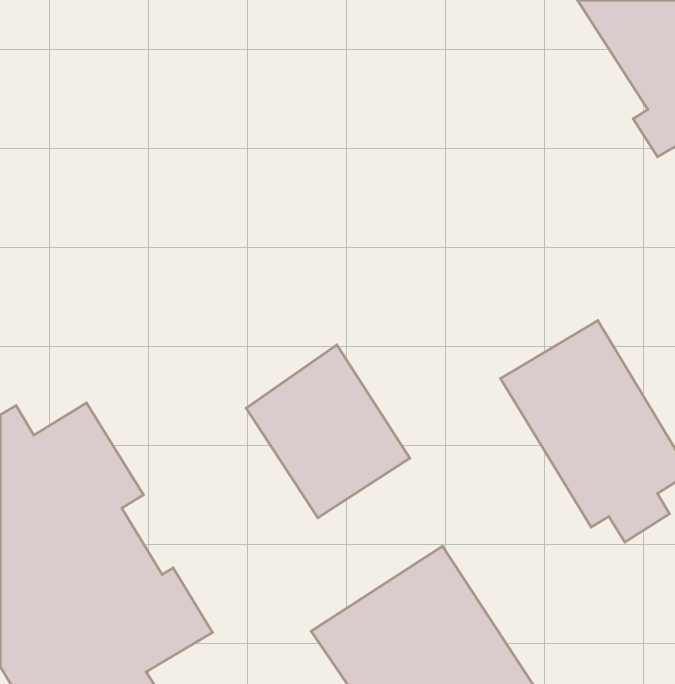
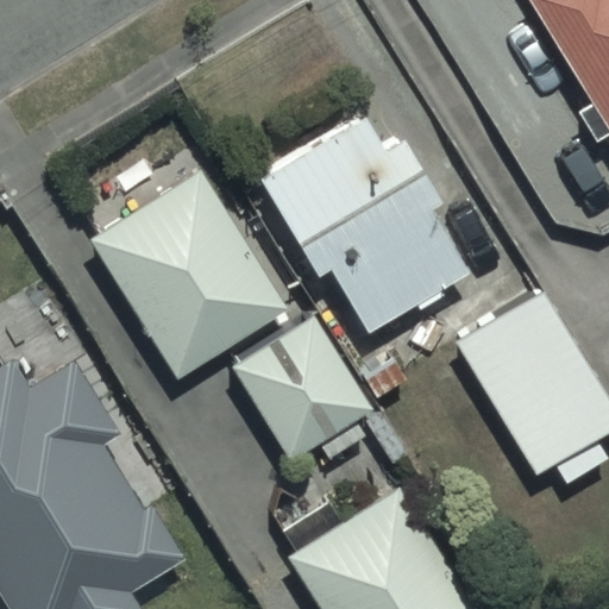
building: none -> [256,120,463,332]
building: none -> [82,159,285,381]

